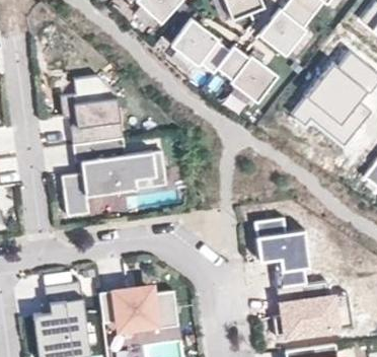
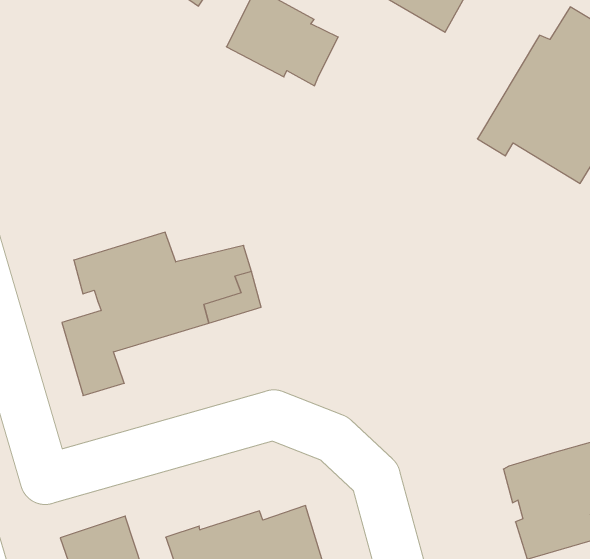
building: [215,46,276,103] -> none
building: [60,75,123,145] -> none
building: [251,219,308,287] -> none

